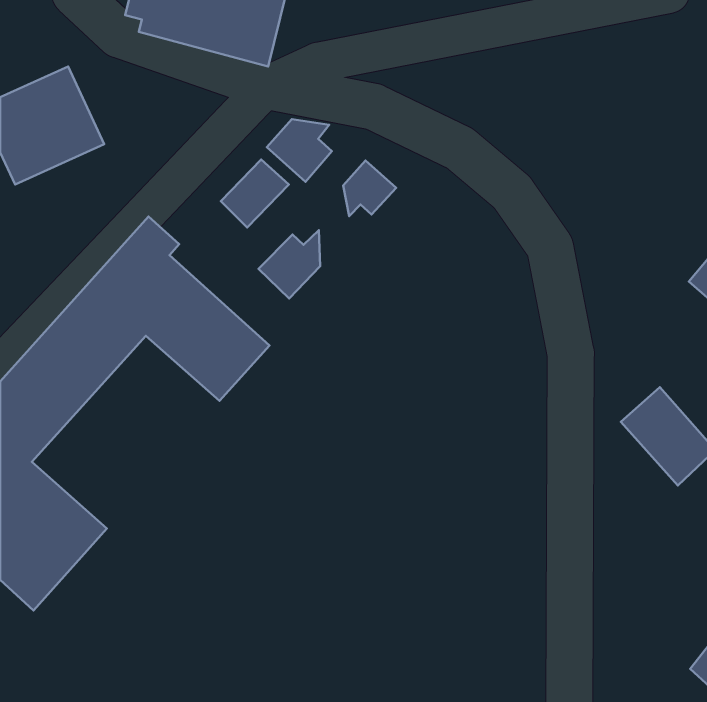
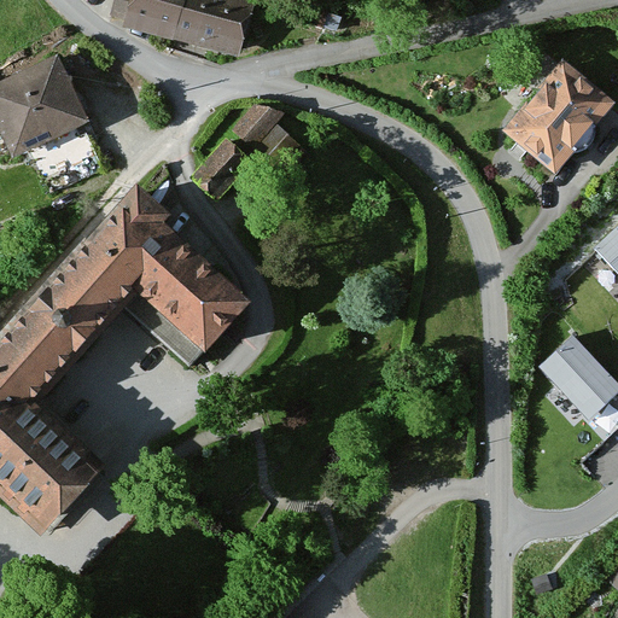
building: none -> [499,62,607,174]
building: [343,160,396,216] -> none
building: [258,230,320,298] -> none

